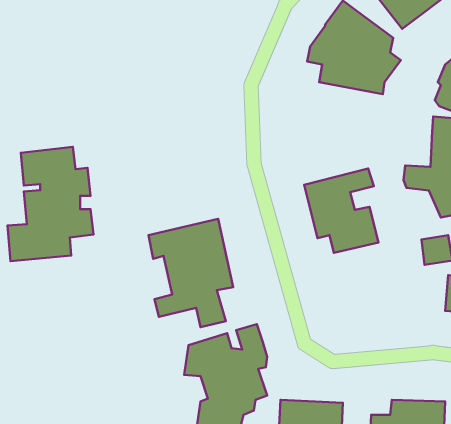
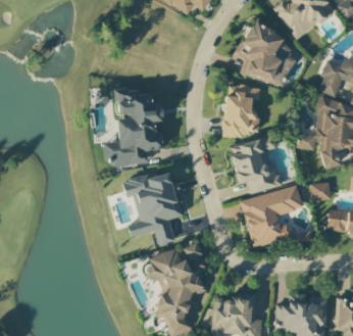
building: none -> [223,85,260,136]
building: [7,147,93,261] -> [105,88,164,166]
building: none -> [240,184,308,249]

